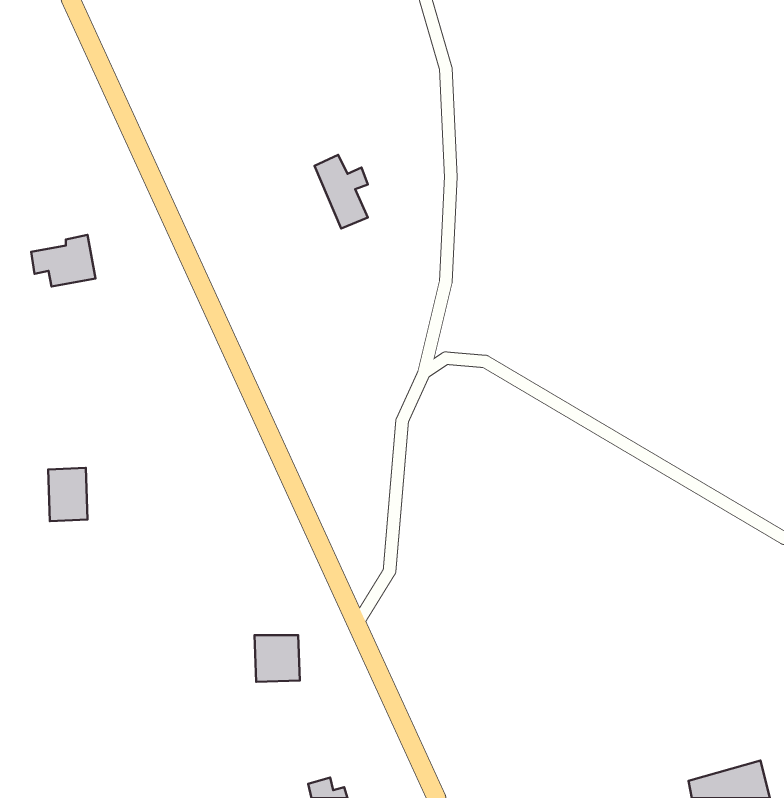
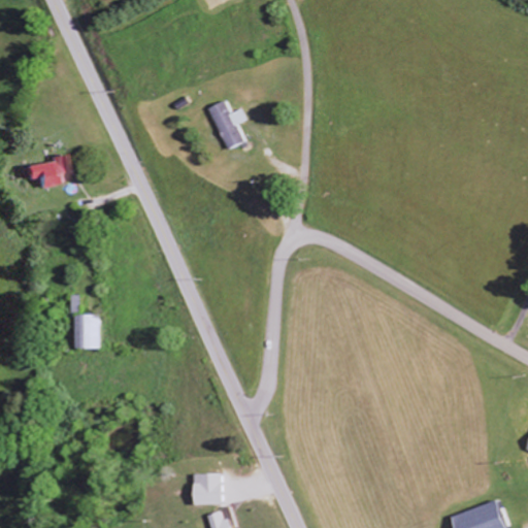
building: [48,468,87,521] -> [76,315,102,350]
building: [255,635,300,682] -> [193,474,223,505]

